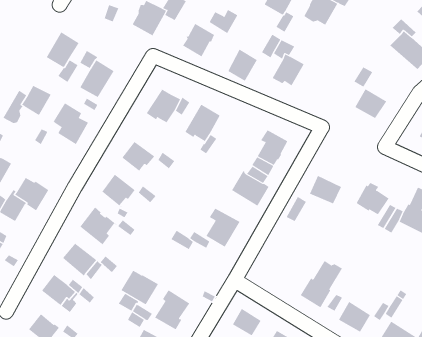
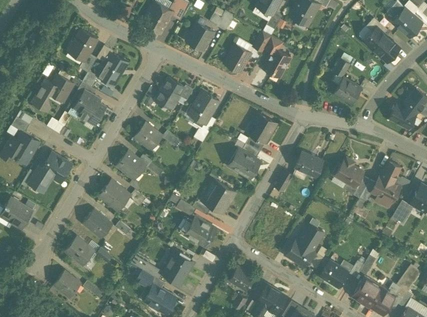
building: [120,269,159,305] -> [183,216,216,247]

